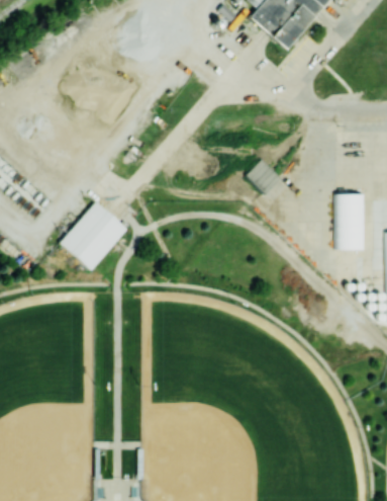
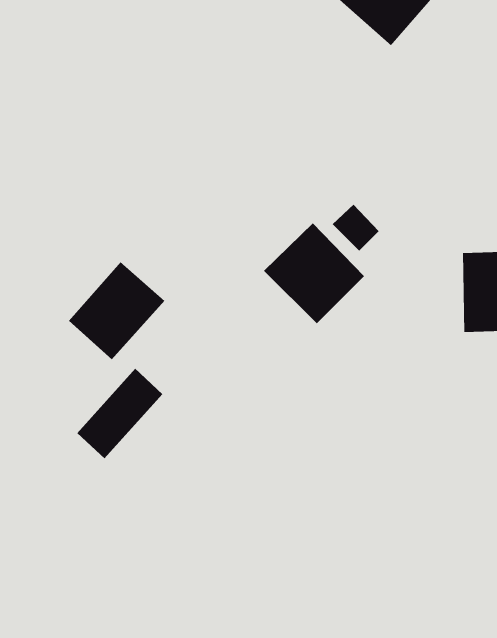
building: none -> [263,222,365,324]
building: none -> [77,368,163,459]

